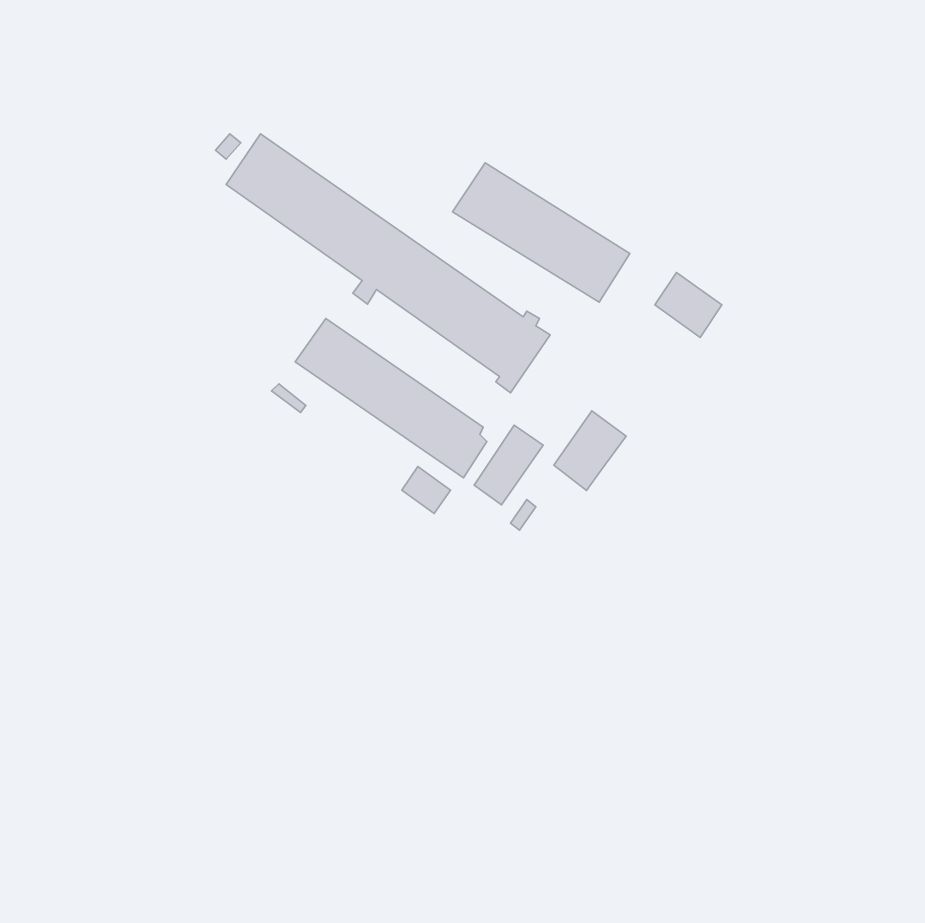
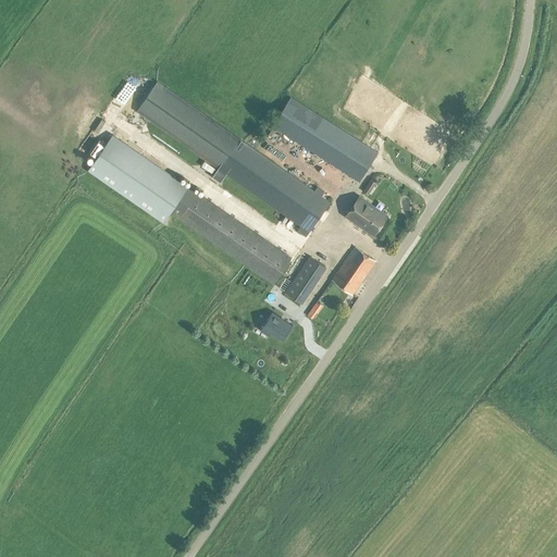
building: none -> [87,135,187,224]
building: [655,272,722,338] -> [346,198,386,237]
building: [402,467,451,514] -> [263,312,293,341]

